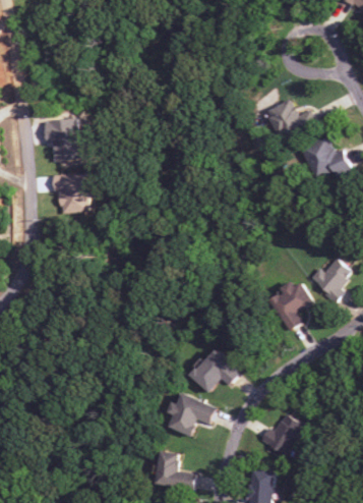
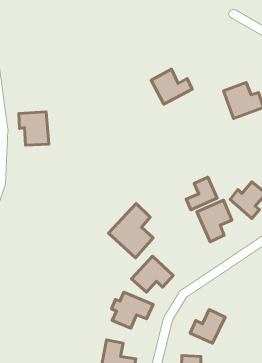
building: [265,98,315,141] -> [151,69,192,104]
building: [44,118,80,162] -> none
building: none -> [186,177,217,210]
building: none -> [109,203,153,258]

